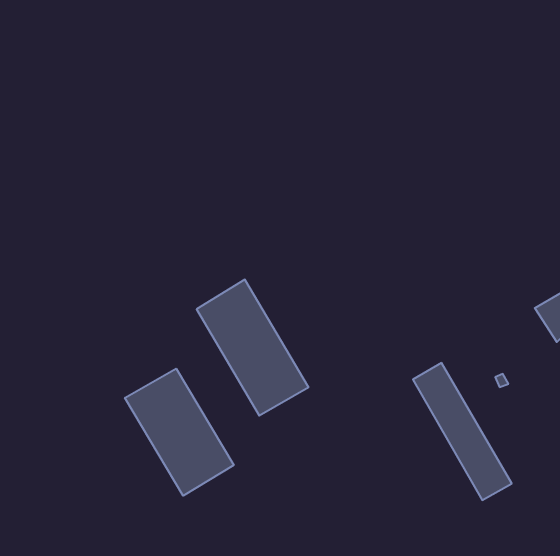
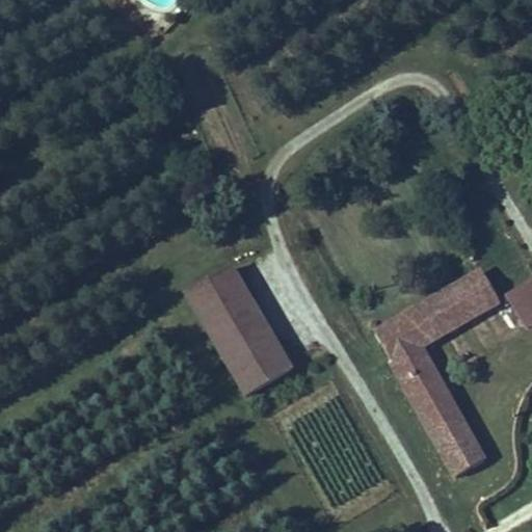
building: none -> [376,269,499,360]
building: [125,369,234,496] -> none

